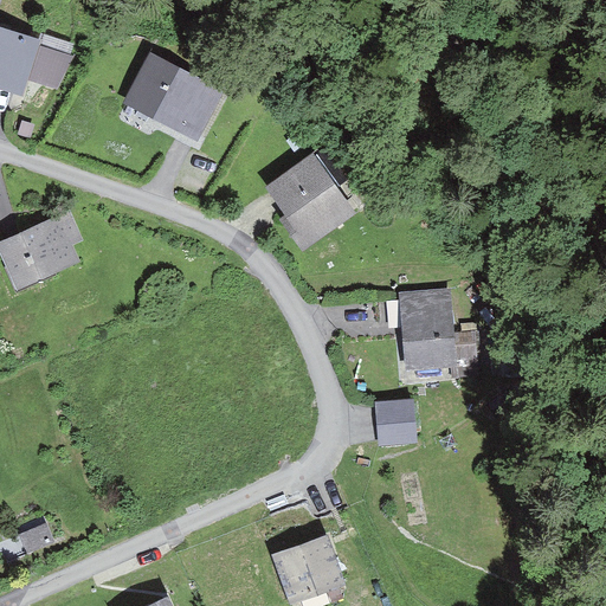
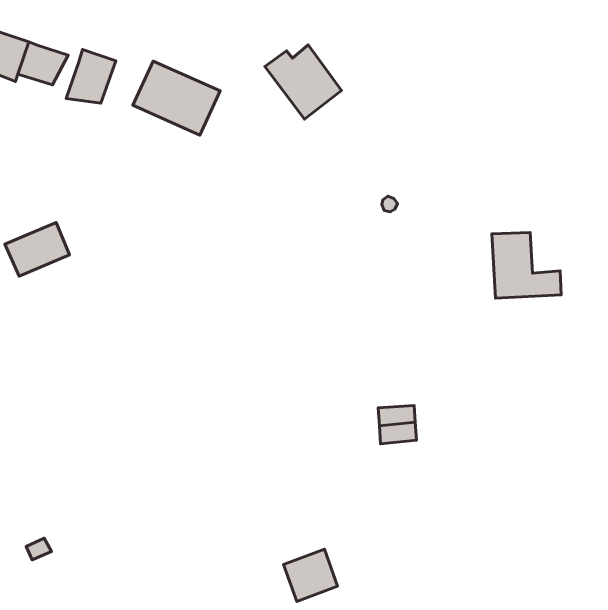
building: none -> [66,50,116,103]
building: [270,161,346,234] -> [265,45,342,119]
building: [407,295,476,360] -> [492,232,561,298]

